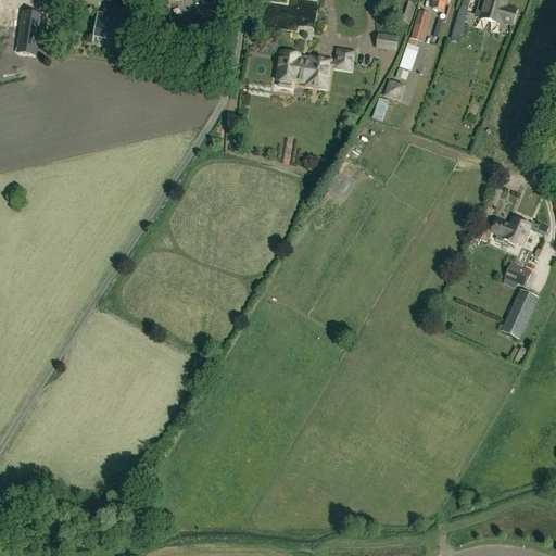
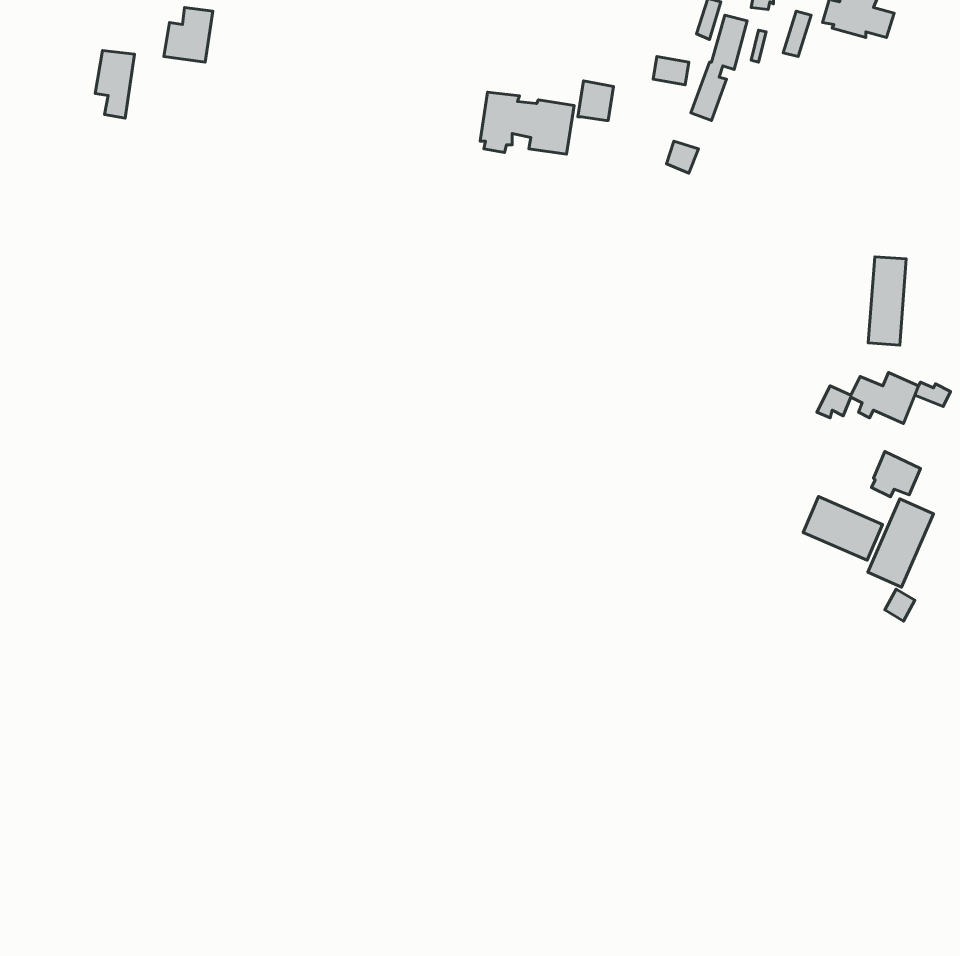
building: [14,11,37,50] -> [95,50,135,118]
building: none -> [868,257,906,345]
building: none -> [803,497,882,560]

